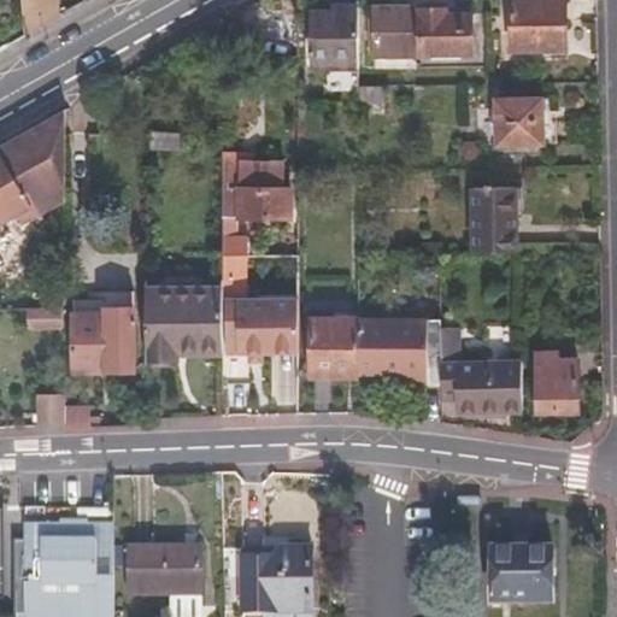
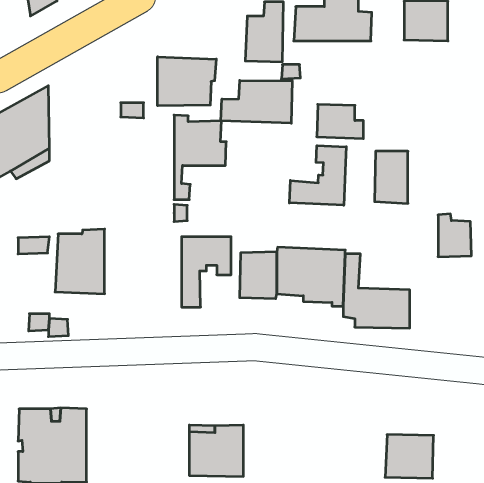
building: none -> [158,57,216,106]
building: [503,101,562,145] -> [317,104,363,139]
building: none -> [221,80,292,123]
building: none -> [289,146,346,205]
building: [145,299,221,362] -> none
building: [533,360,575,415] -> [438,214,471,257]
building: [125,546,196,594] -> none

